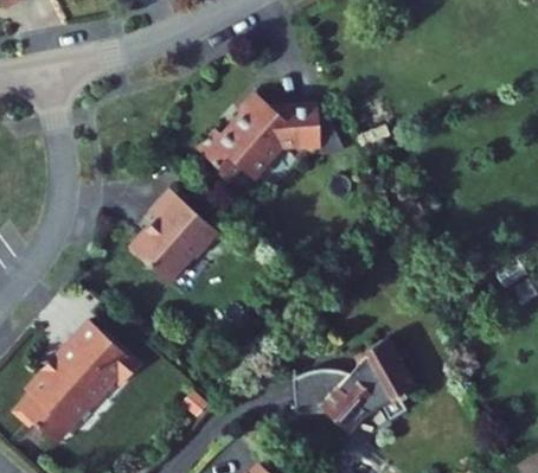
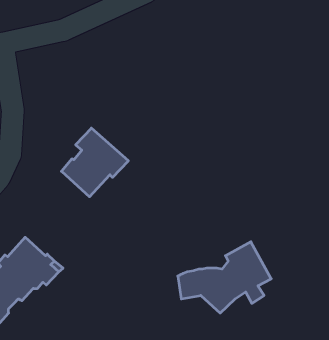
building: [204,91,327,178] -> none

